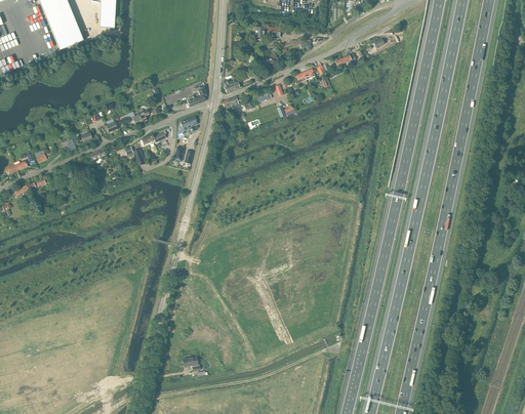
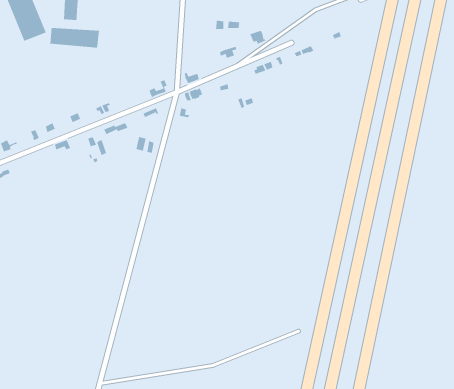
building: none -> [50,27,100,48]

